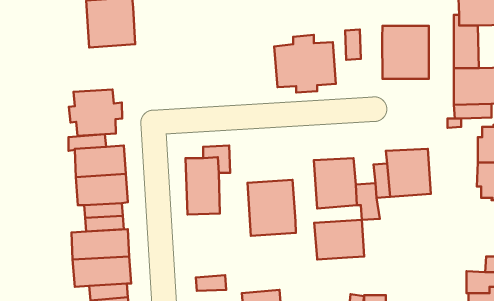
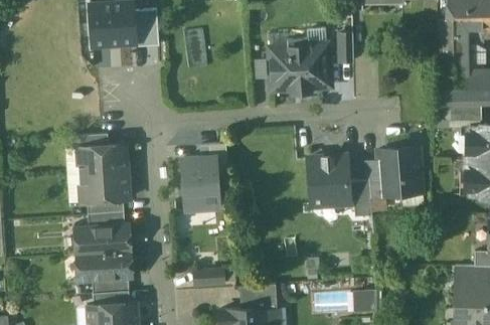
building: none -> [134,9,159,46]
building: none -> [185,27,206,65]
building: [382,26,429,79] -> none
building: [69,89,122,136] -> none
building: [247,180,296,236] -> none
building: [314,220,364,259] -> none

